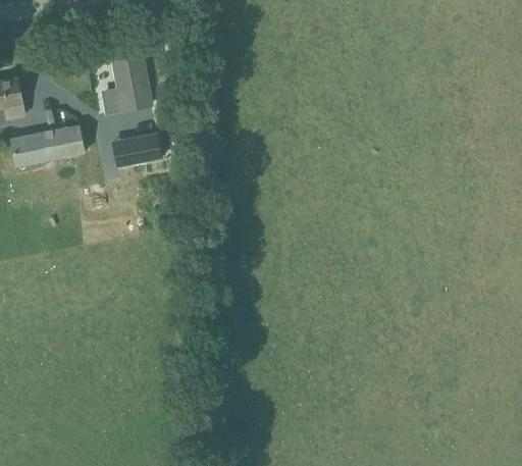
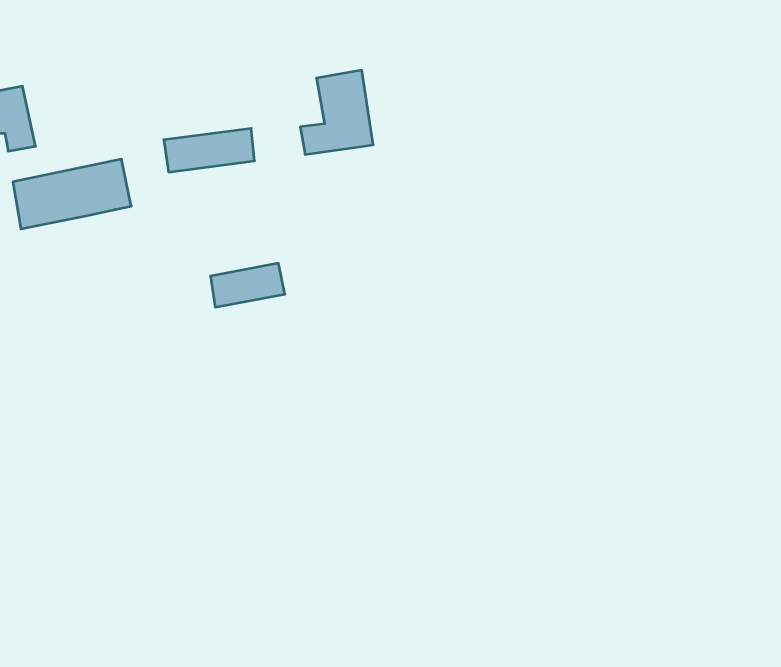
building: [104,55,150,108] -> [300,70,373,154]
building: [114,131,161,158] -> [210,263,285,307]

